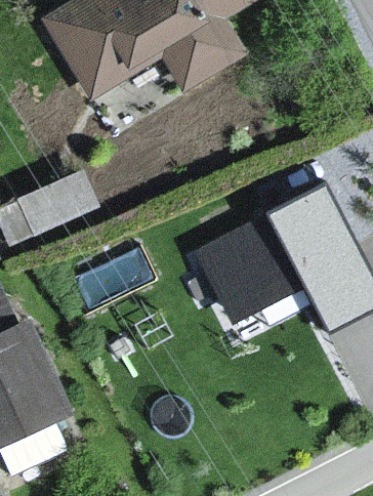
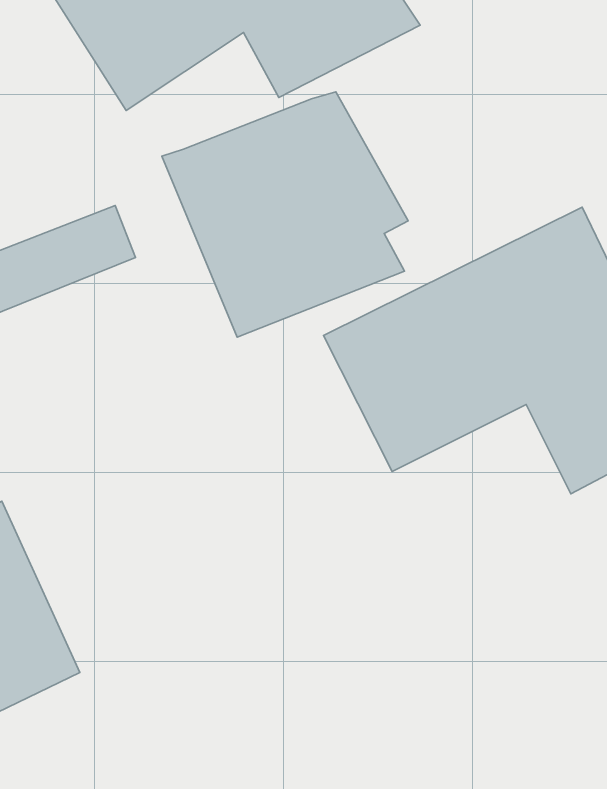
building: none -> [162,92,408,337]

